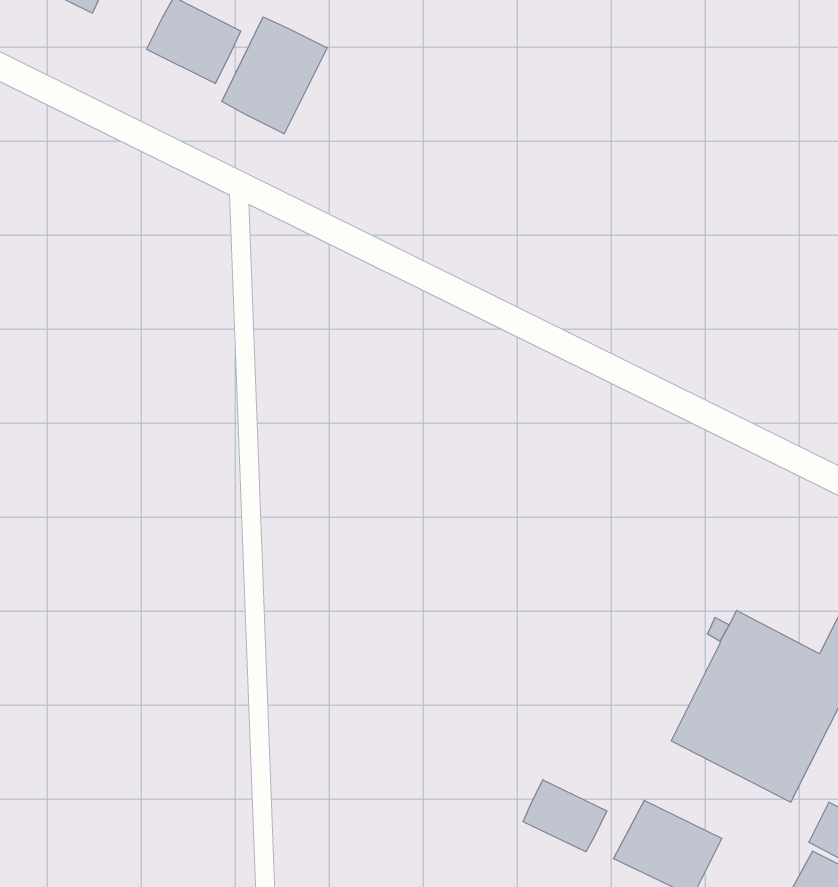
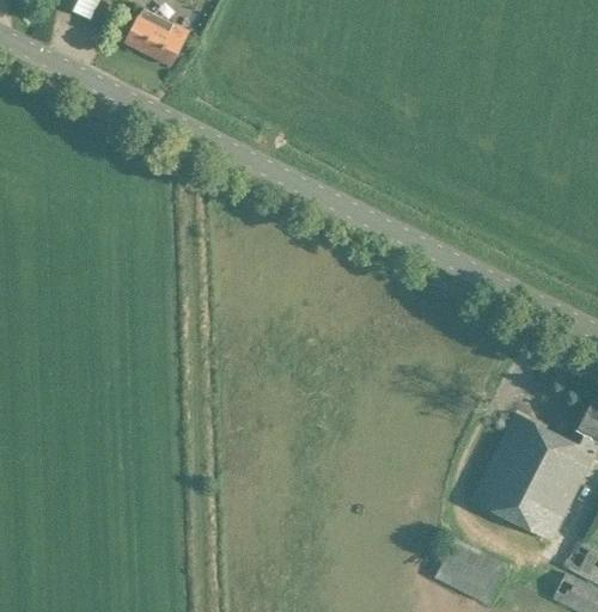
building: [222,17,327,134] -> none
building: [523,780,607,852] -> none

